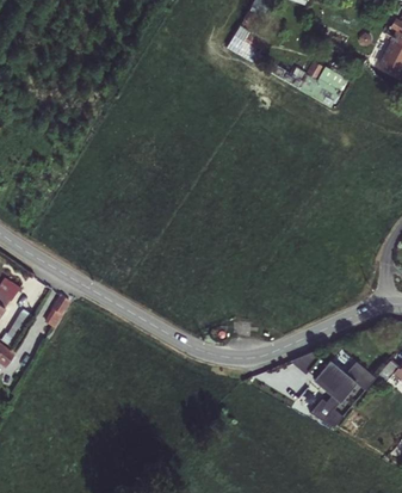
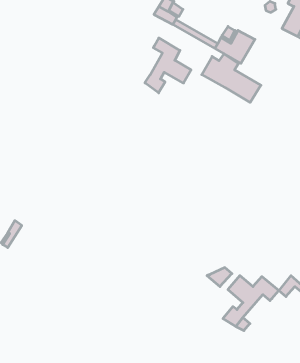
building: none -> [145,38,191,93]
building: none -> [202,54,261,102]

